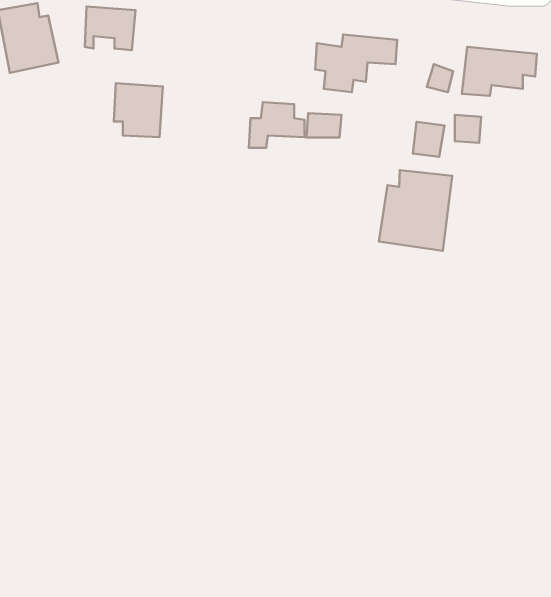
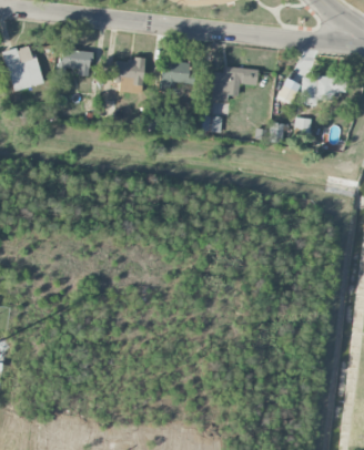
building: [114,83,163,137] -> [114,59,145,93]
building: [249,102,305,148] -> [160,62,195,91]
building: [379,170,452,251] -> none

